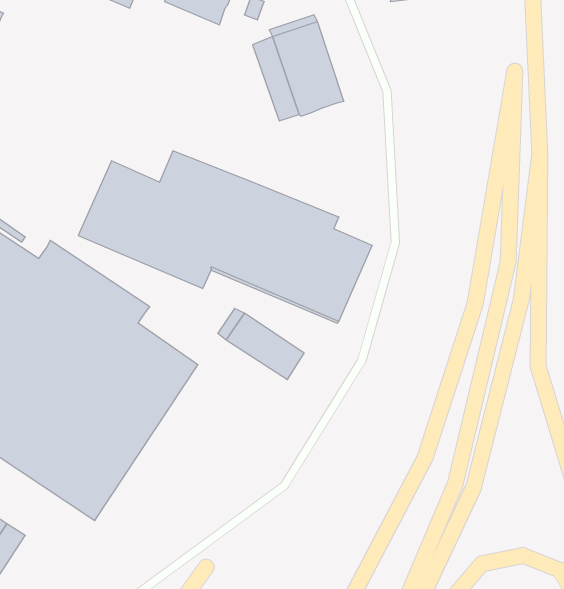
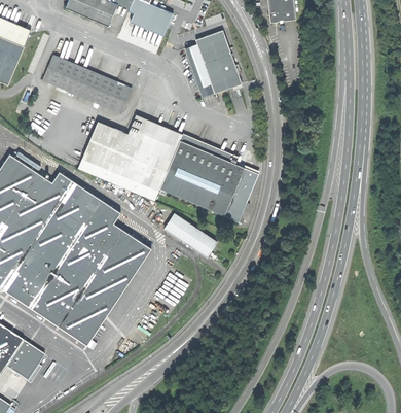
building: none -> [42,55,131,113]

